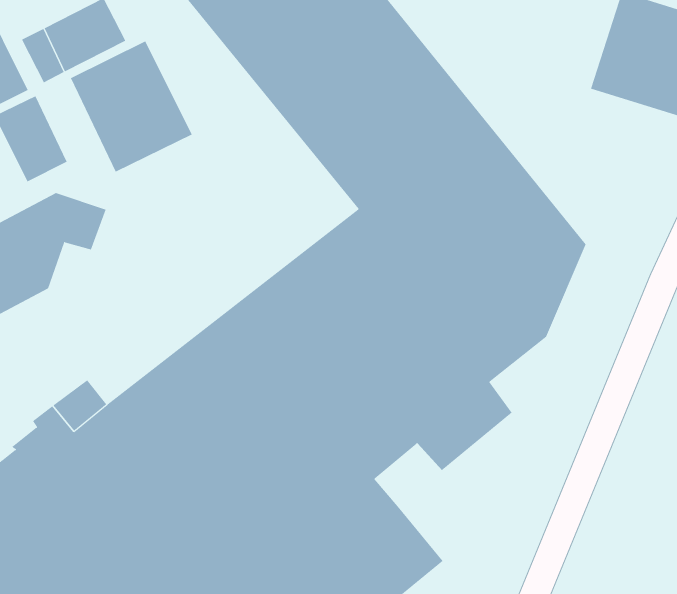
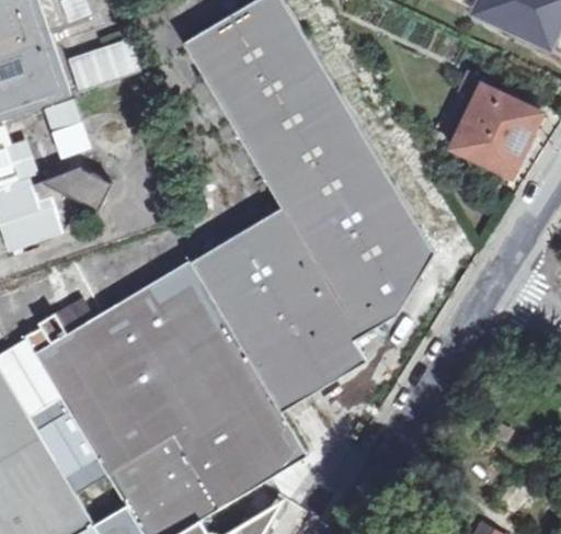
building: [70,40,192,172] -> none
building: none -> [267,374,313,414]

